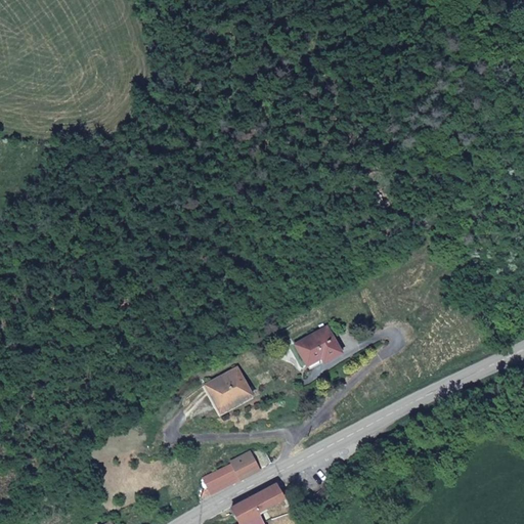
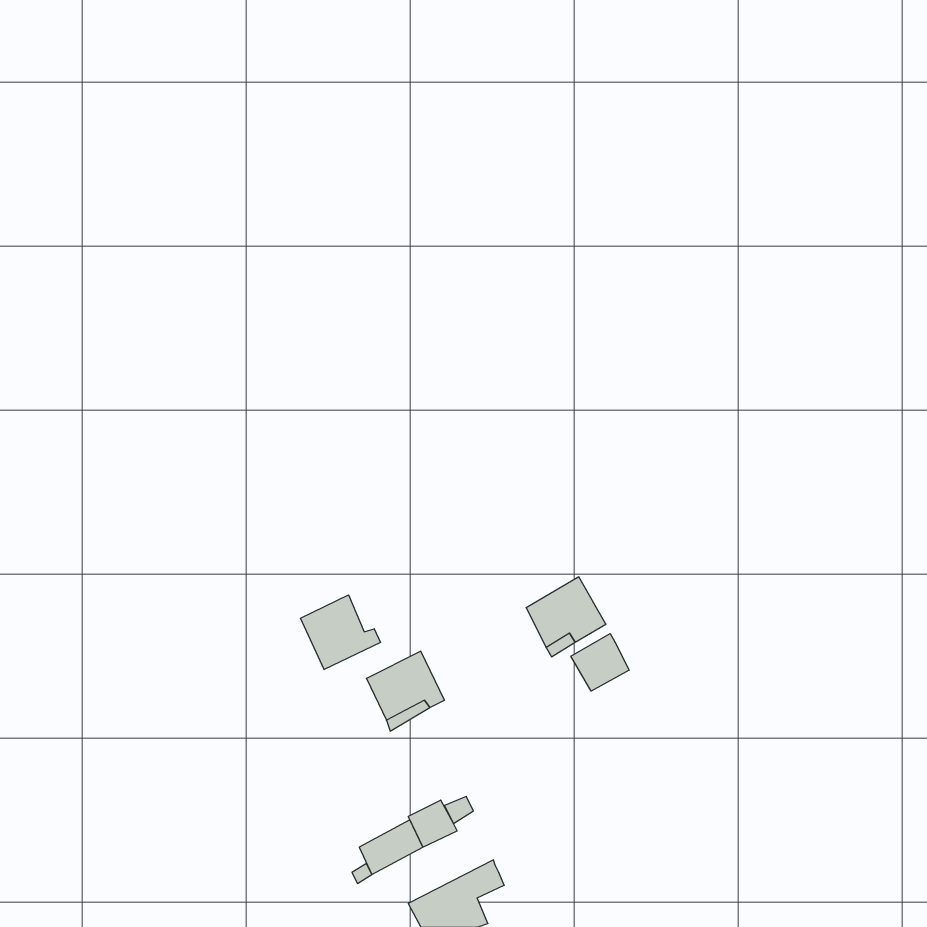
building: none -> [300,595,381,670]
building: none -> [571,634,629,691]

